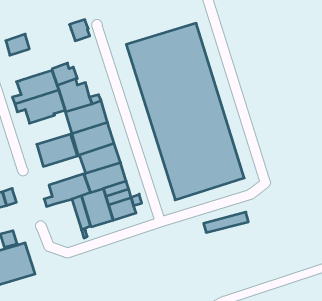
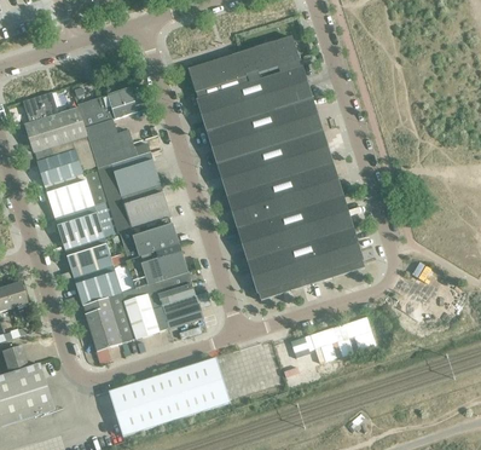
building: [69,20,90,41] -> [108,87,138,119]
building: [6,34,29,55] -> [24,91,59,122]
building: none -> [45,168,108,217]
building: none -> [65,233,126,277]
building: none -> [82,298,122,364]
building: none -> [109,357,230,435]

